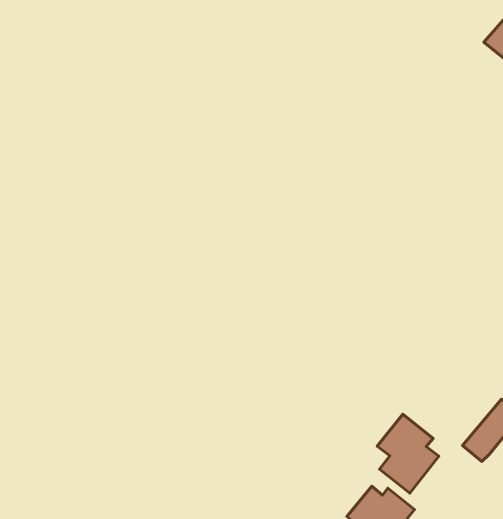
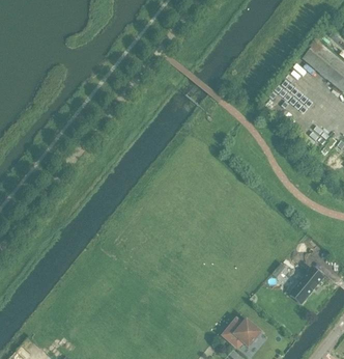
building: [377,414,439,493] -> none

